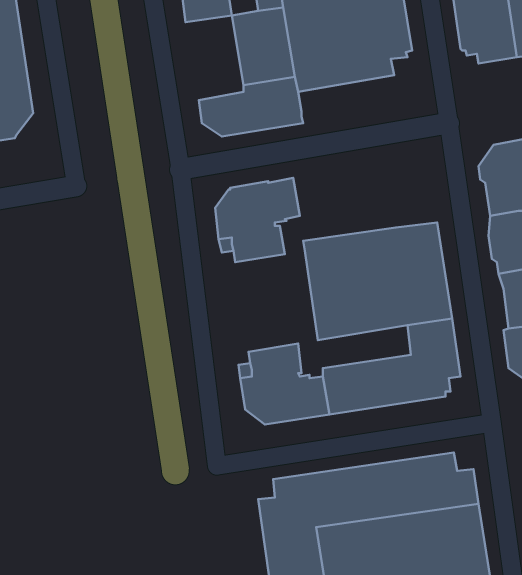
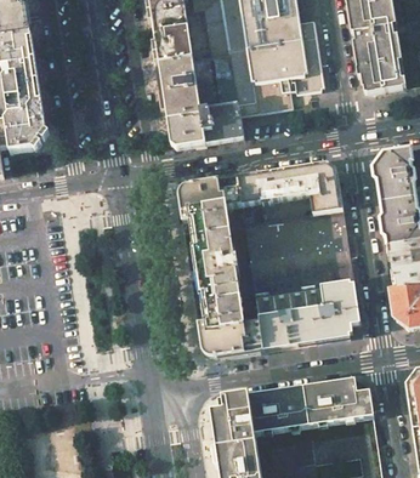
building: none -> [158,57,200,119]
building: none -> [237,161,342,212]
building: none -> [194,232,240,303]
building: none -> [255,284,323,315]

